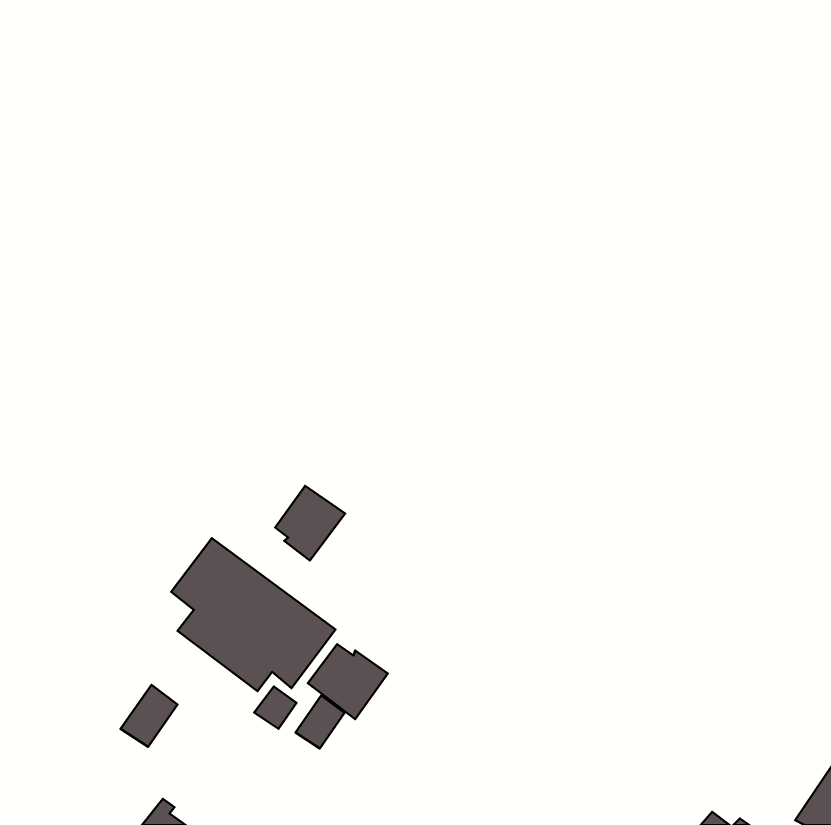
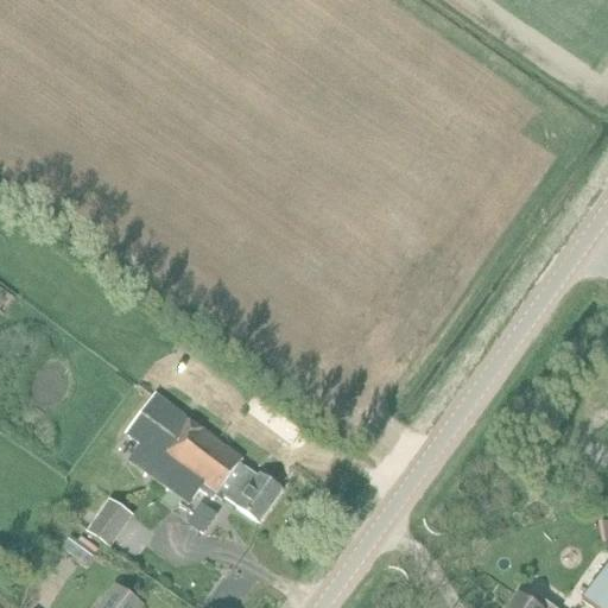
building: [275,486,345,561] -> none
building: [295,695,345,748] -> none

